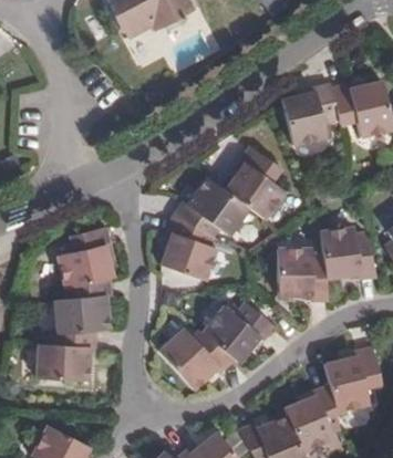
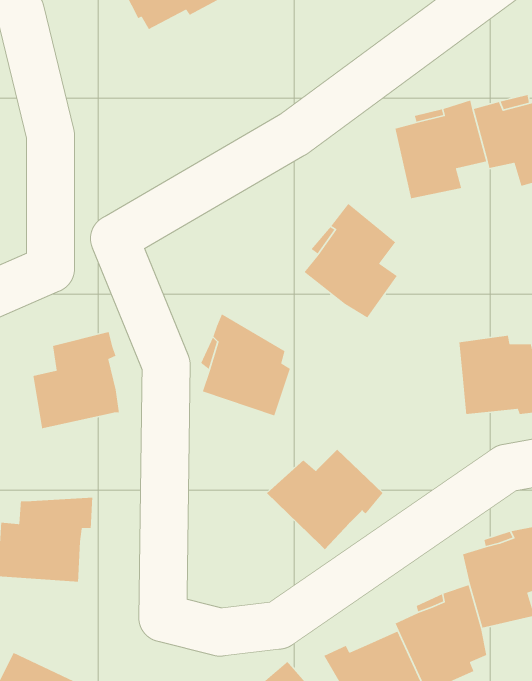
building: [175,180,251,240] -> none
building: [278,250,329,303] -> none
building: [54,279,111,333] -> none
building: [161,329,236,391] -> none

